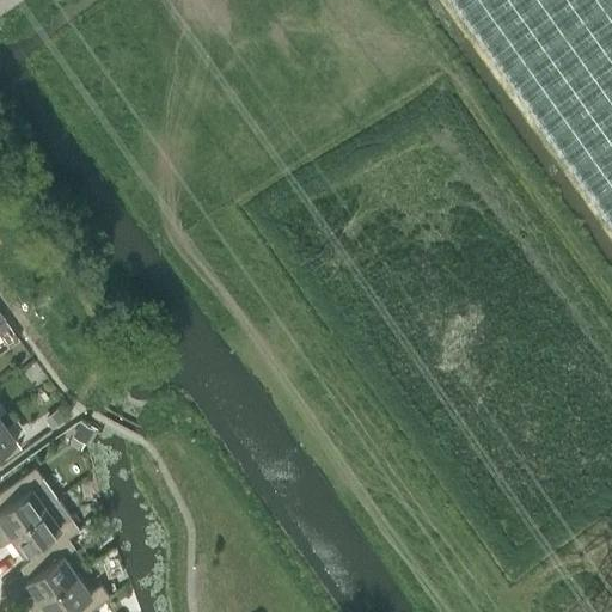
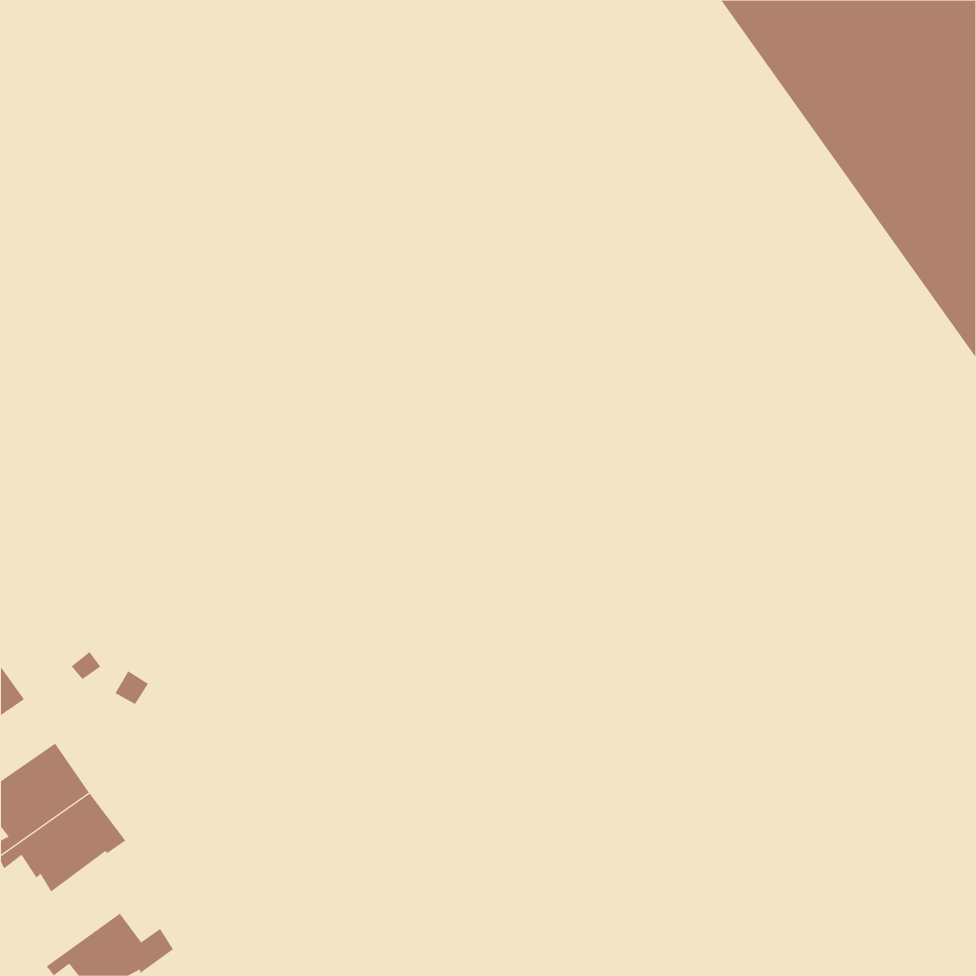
building: [19,533,75,605] -> none

